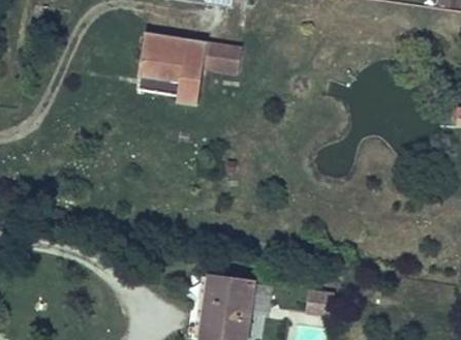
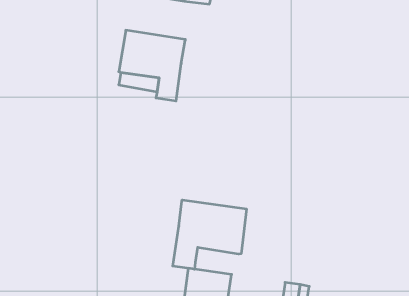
building: [202,43,241,73] -> none
building: none -> [173,200,246,269]

